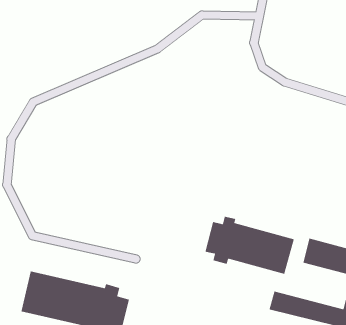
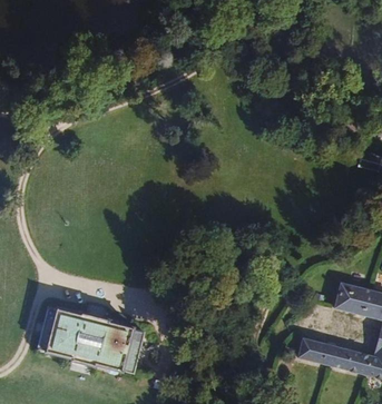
building: [204,216,295,275] -> none

